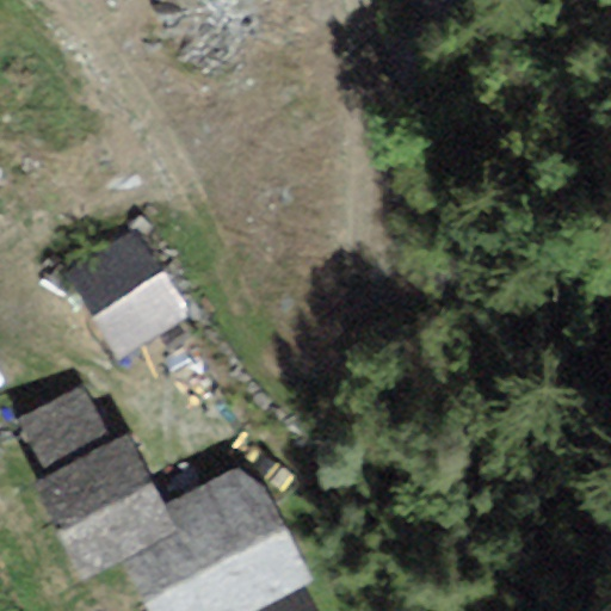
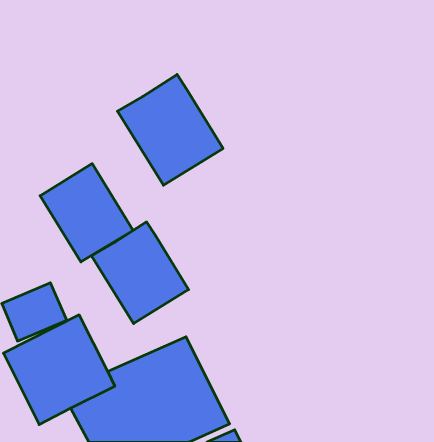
building: none -> [117,74,223,185]
building: none -> [92,222,189,324]

